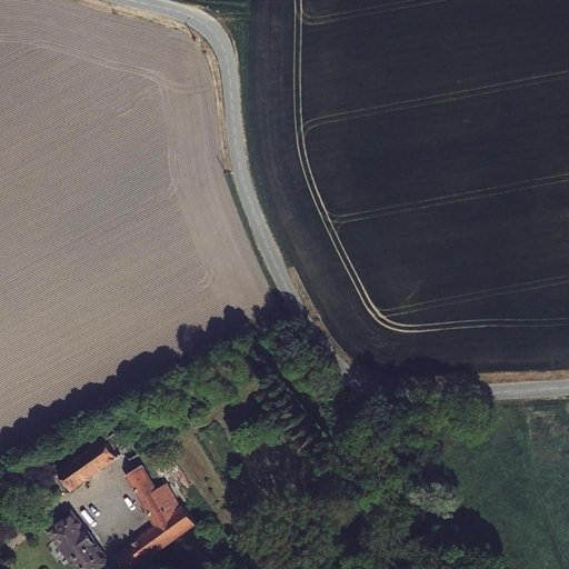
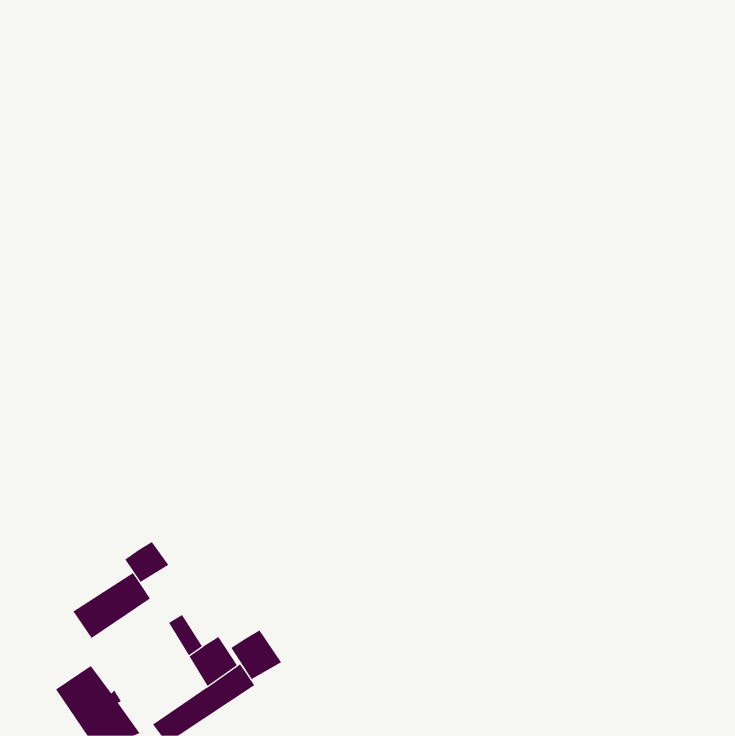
building: none -> [124,541,169,583]
building: none -> [231,629,282,680]

